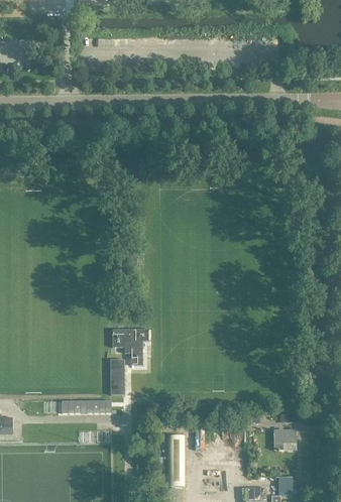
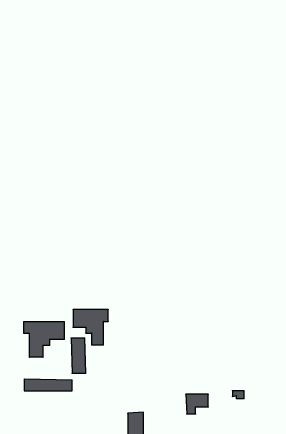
building: none -> [24,322,64,357]
building: [272,429,296,450] -> [186,394,208,414]

